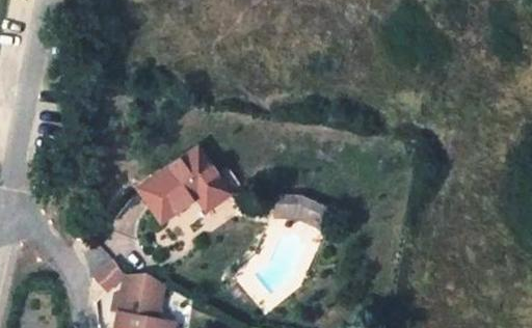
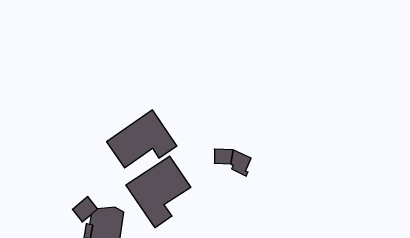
building: none -> [126,156,191,228]

